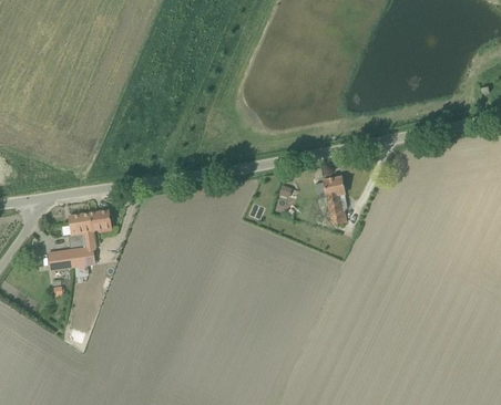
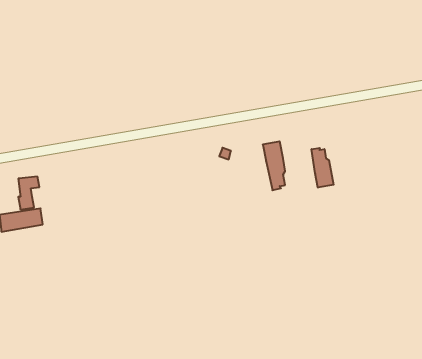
building: none -> [312,148,334,188]
building: [78,208,108,232] -> none

